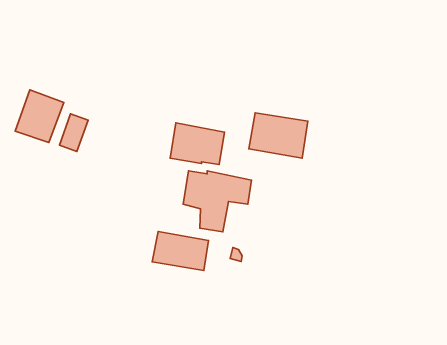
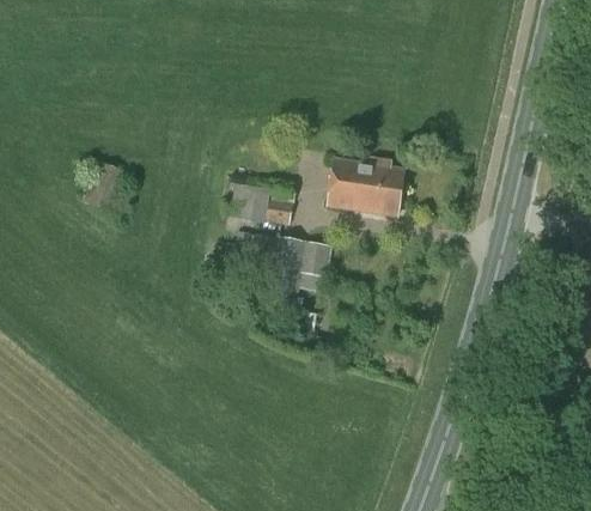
building: [15,90,64,143] -> none
building: [152,232,208,271] -> none

